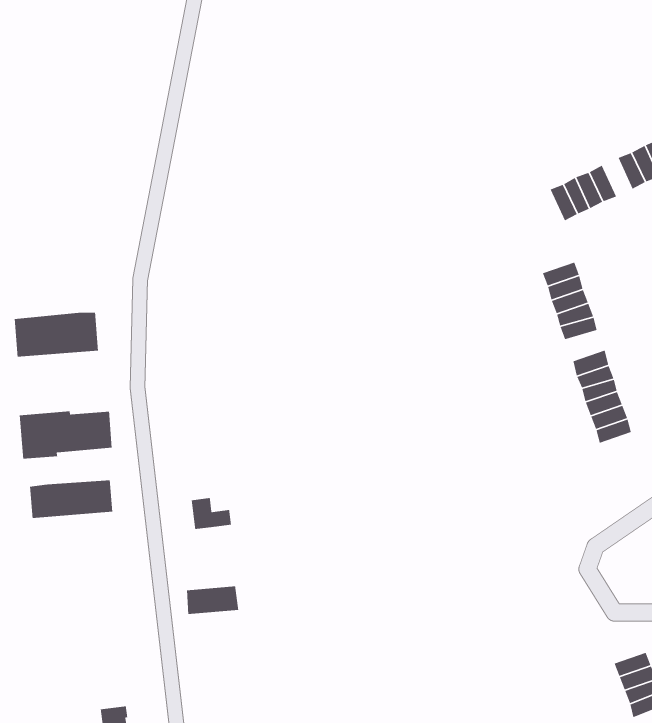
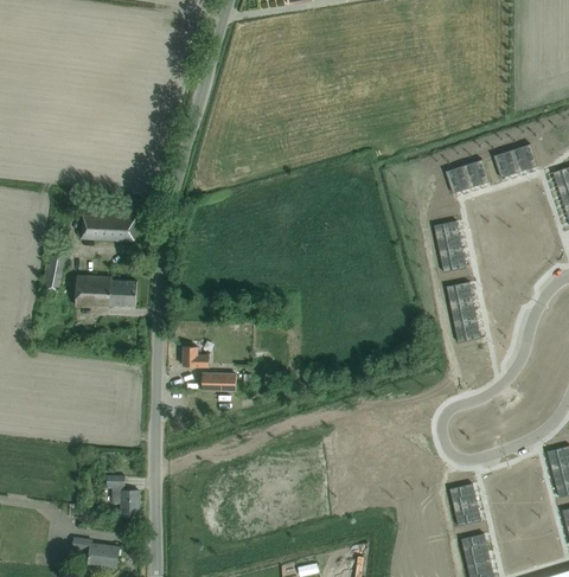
building: [29,479,113,519] -> none
building: [186,586,239,615] -> [202,373,236,391]

